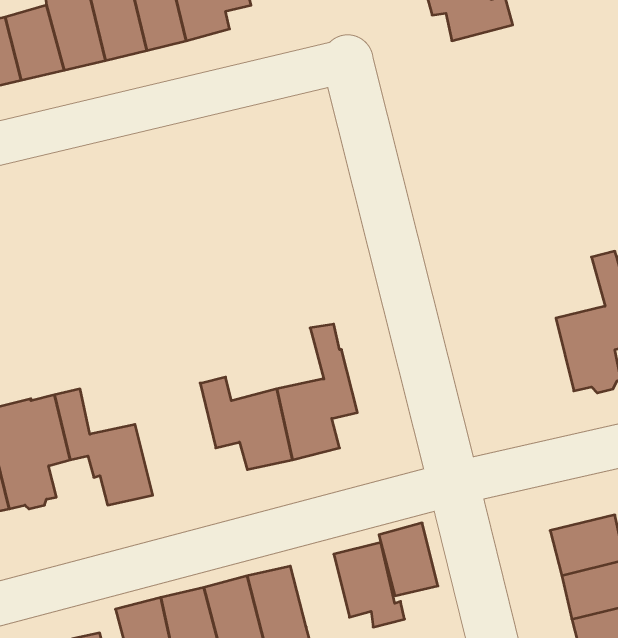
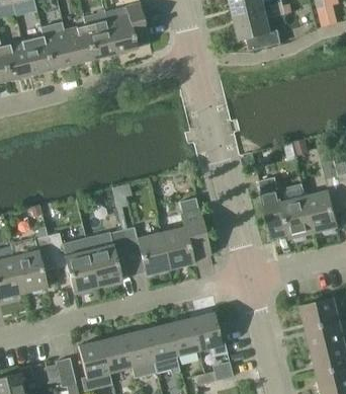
building: none -> [258,177,313,241]
building: none -> [87,229,128,287]
building: [379,523,438,596] -> [167,317,197,354]

